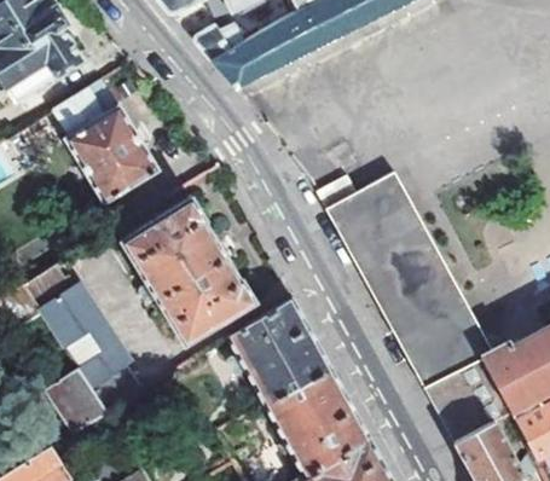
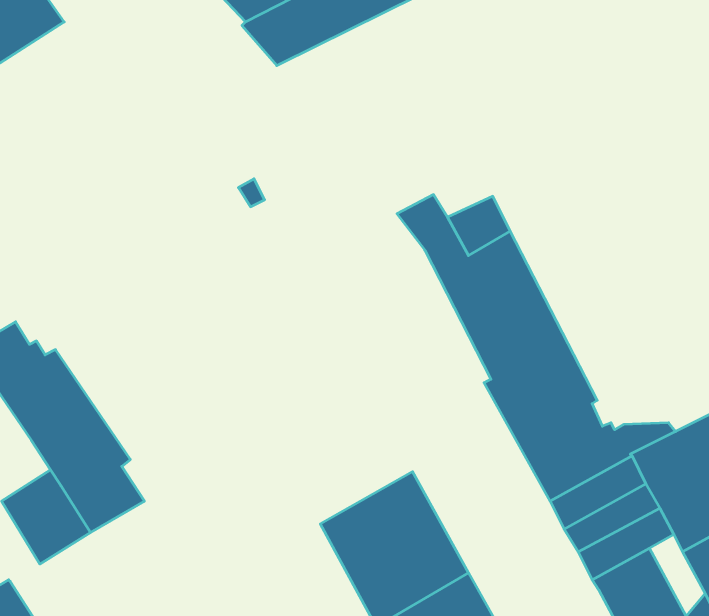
building: [56,81,160,203] -> none
building: [122,197,255,343] -> none
building: [228,297,330,406] -> none

